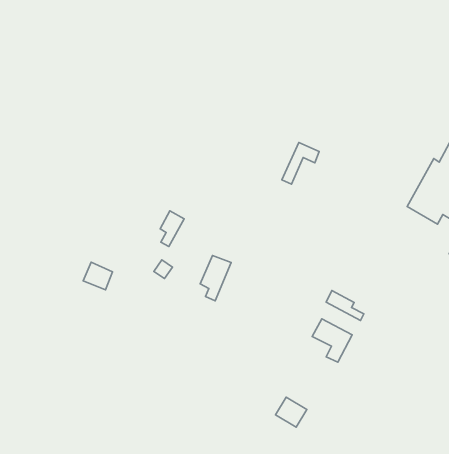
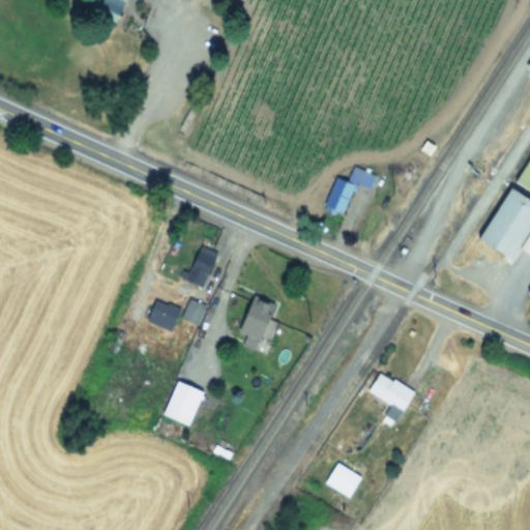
building: [83,262,112,290] -> [148,299,182,331]
building: [326,291,364,320] -> none
building: none -> [165,381,205,426]

